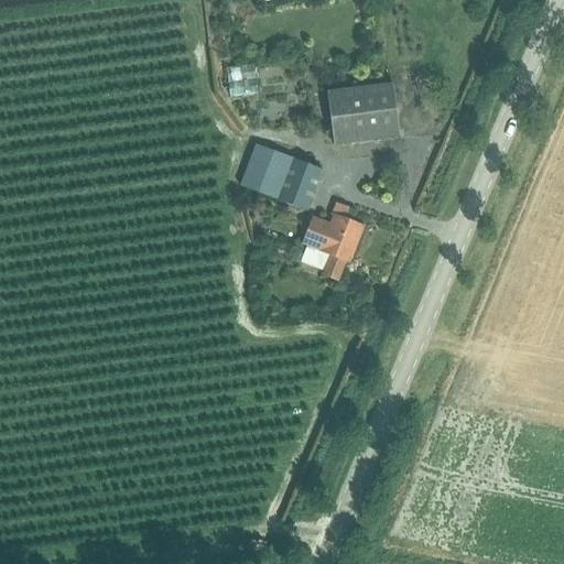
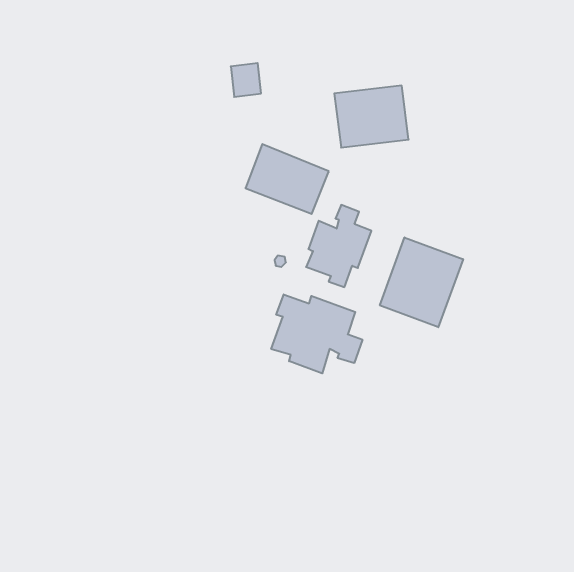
building: none -> [380,237,463,327]
building: none -> [271,294,362,373]

